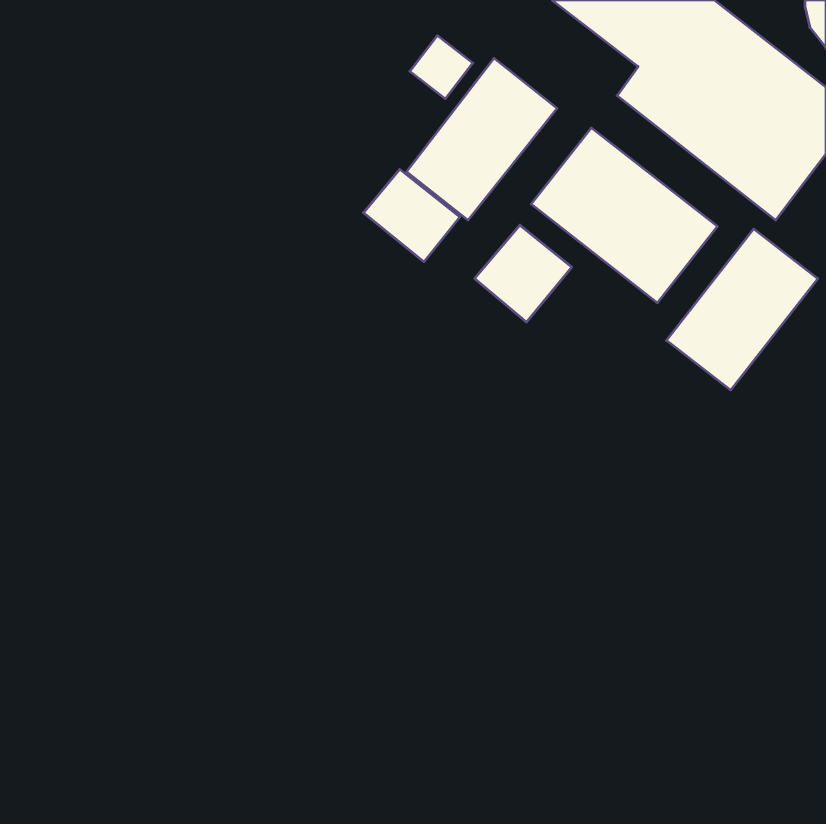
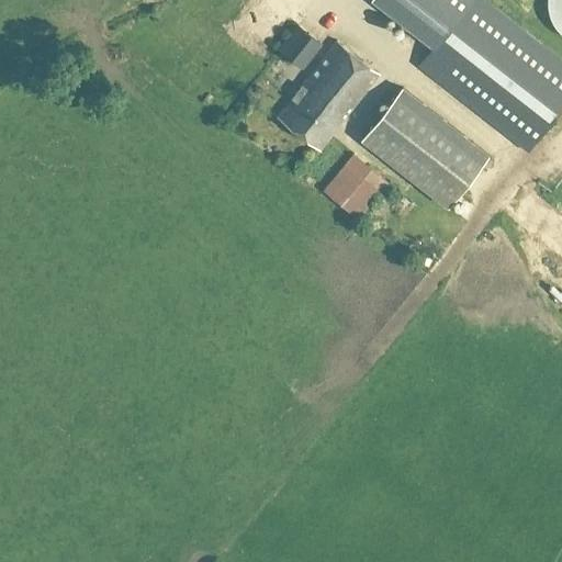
building: [363,169,460,262] -> none
building: [666,229,818,390] -> none

